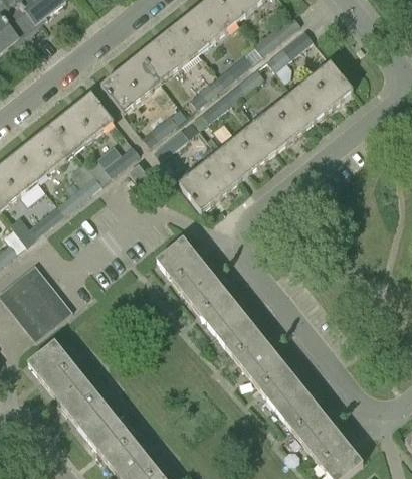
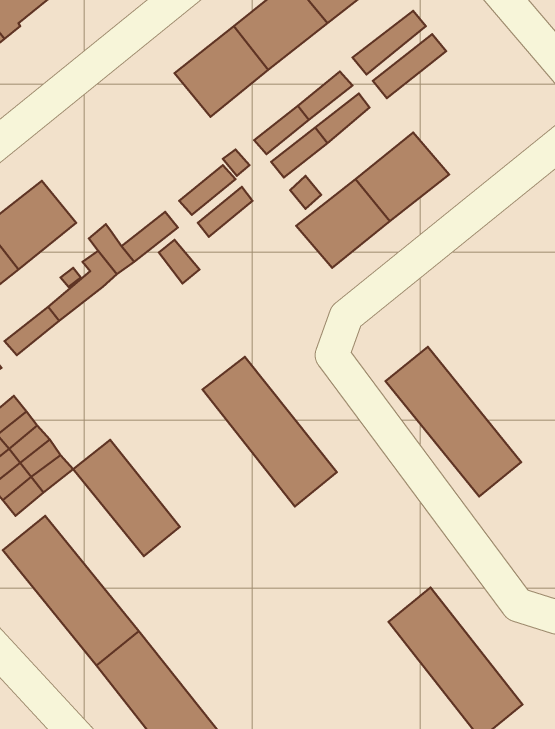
building: [100,53,161,112] -> none
building: [291,60,353,119] -> none
building: [52,92,113,150] -> none
building: [179,152,239,210] -> none
building: none -> [73,440,180,556]
building: [215,311,302,408] -> [386,347,521,496]

